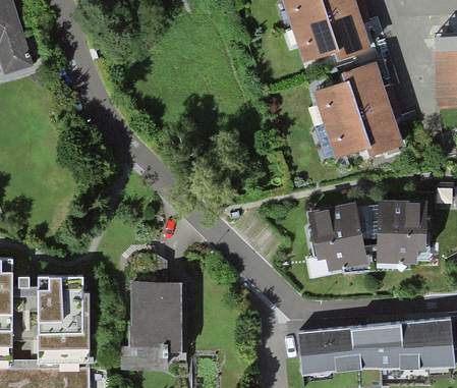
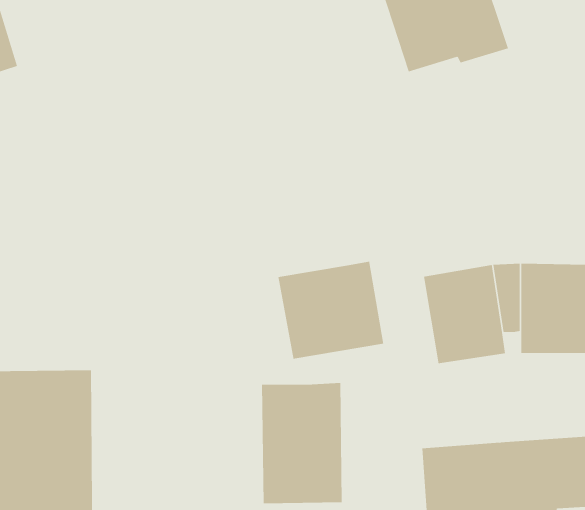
building: [312,65,404,164] -> none
building: none -> [278,261,384,359]
building: [127,279,183,363] -> [261,383,343,504]

